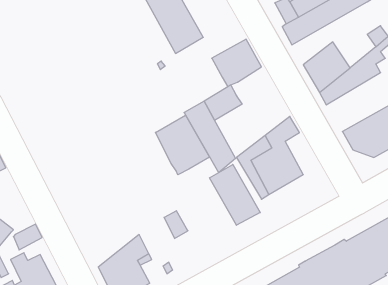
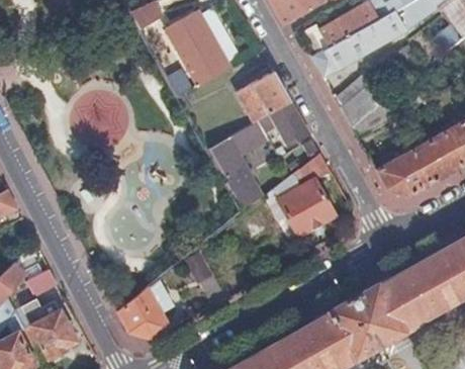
building: none -> [257,101,308,148]
building: [155,115,210,175] -> none
building: [210,164,260,225] -> none

